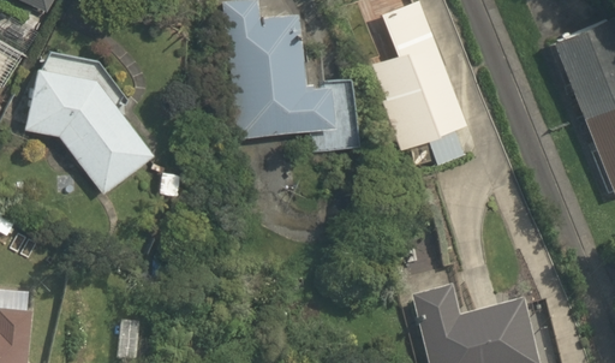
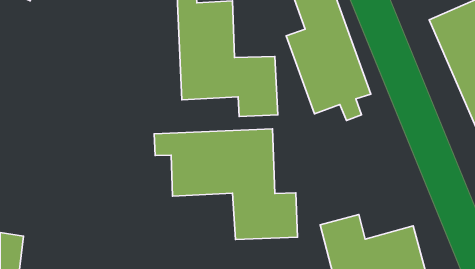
building: [22,66,155,192] -> none
building: none -> [154,129,298,239]

